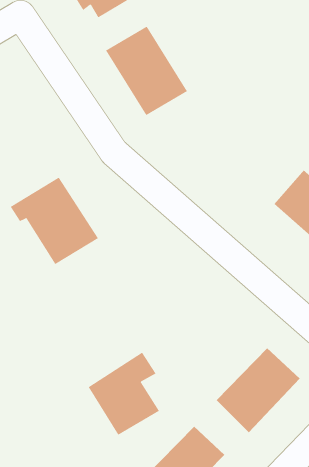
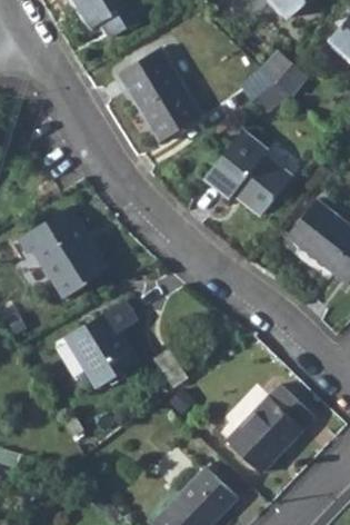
building: none -> [247,48,310,113]
building: none -> [204,132,291,217]
building: [88,352,160,436] -> [62,297,137,384]

